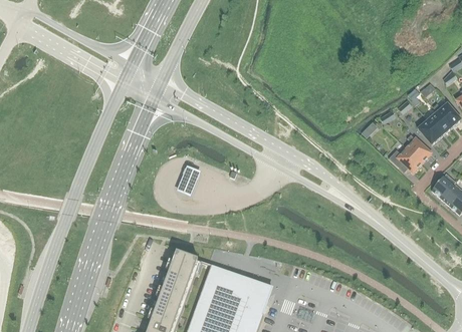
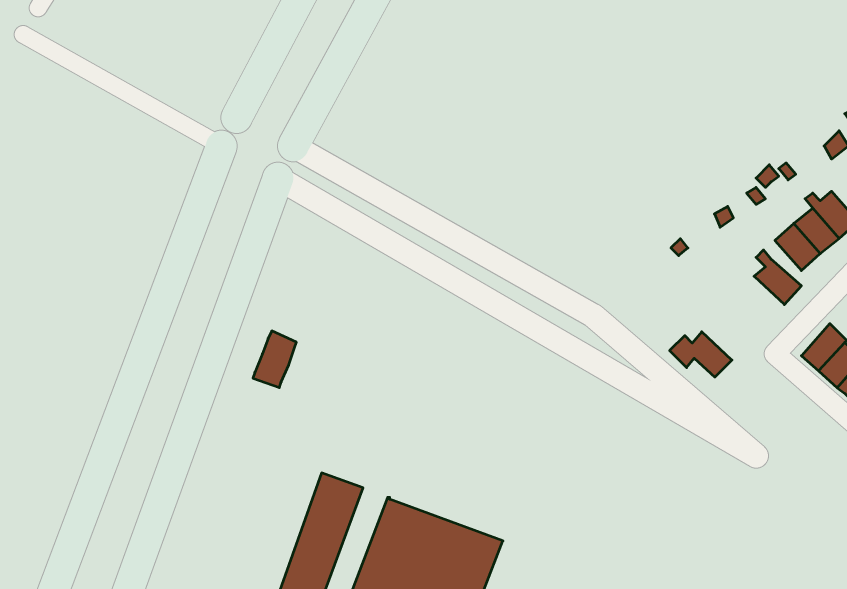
building: [389,147,422,172] -> [670,332,732,377]
building: [177,162,200,193] -> [253,331,296,388]

